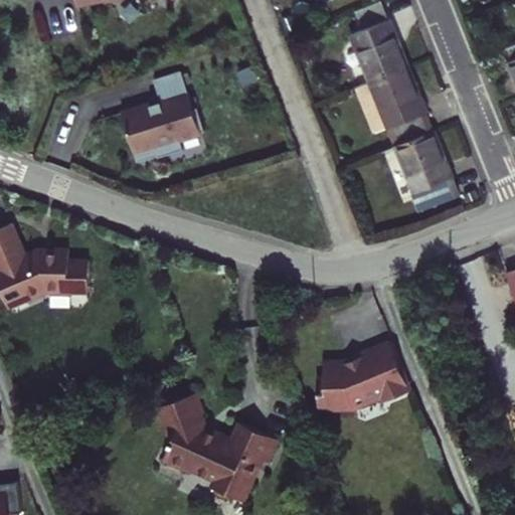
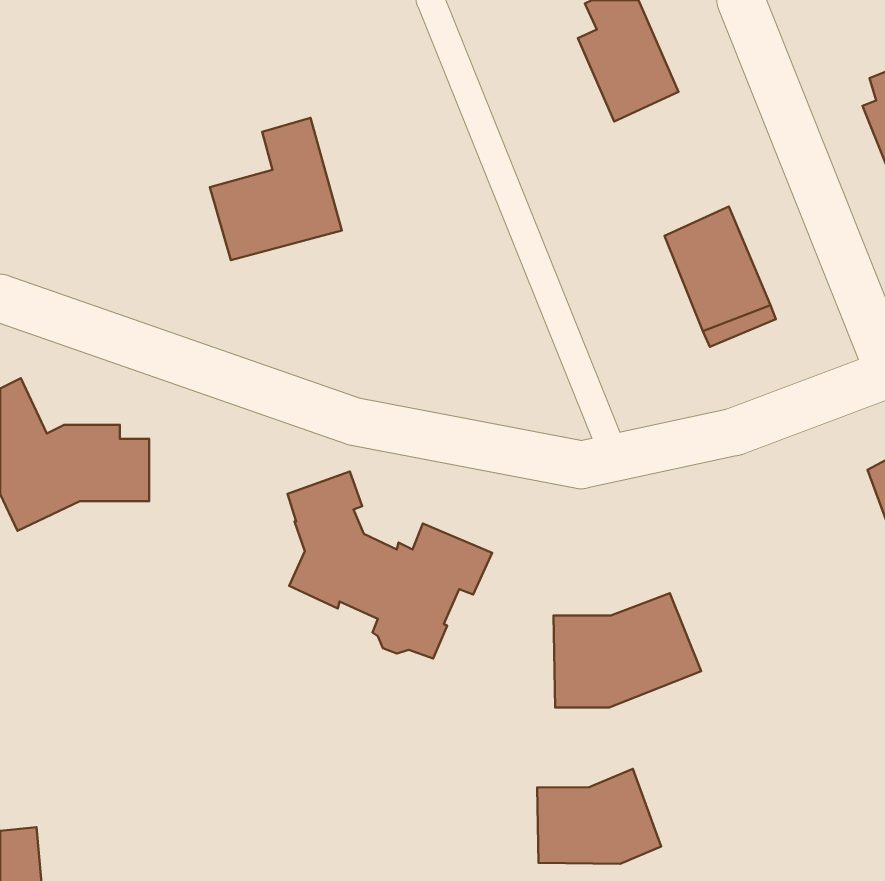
building: [344,56,423,140] -> none
building: [164,393,283,502] -> [288,471,492,659]
building: none -> [537,769,661,864]

